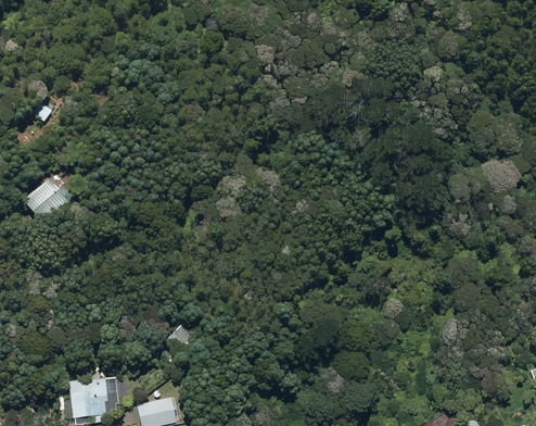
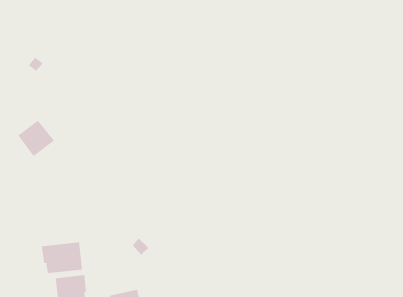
building: none -> [41,241,82,274]

